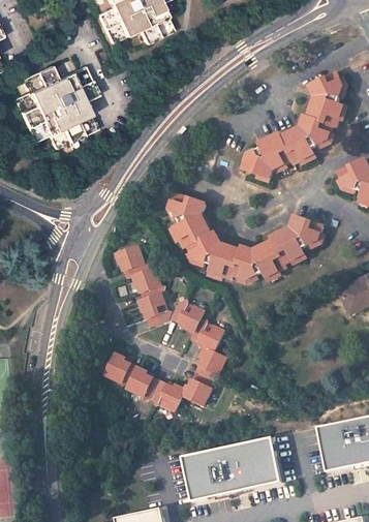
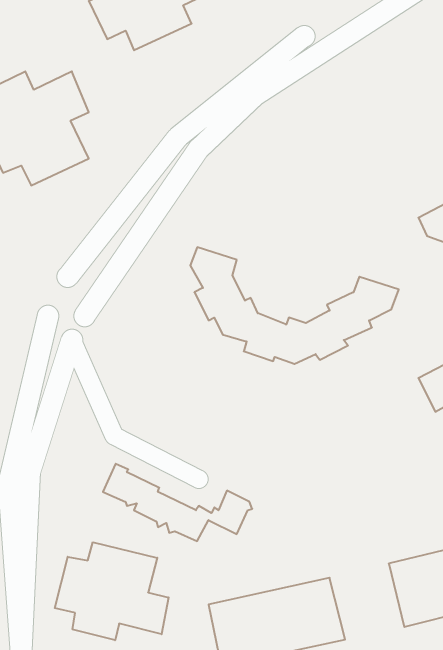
building: [239,73,341,182] -> none
building: [117,248,170,326] -> none
building: [173,300,226,381] -> none
building: none -> [55,542,169,640]

